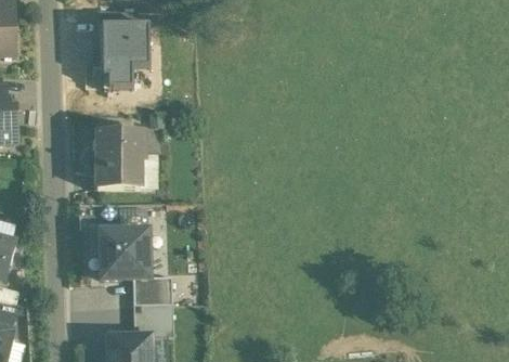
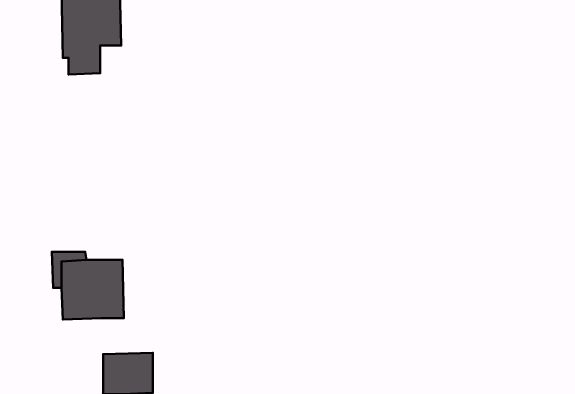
building: [94,130,145,186] -> none
building: [132,274,172,303] -> none

